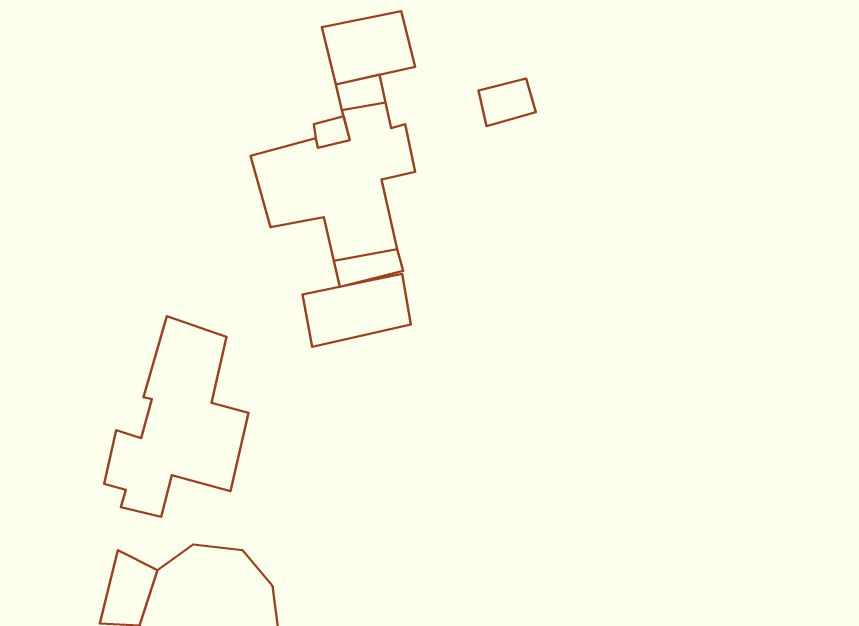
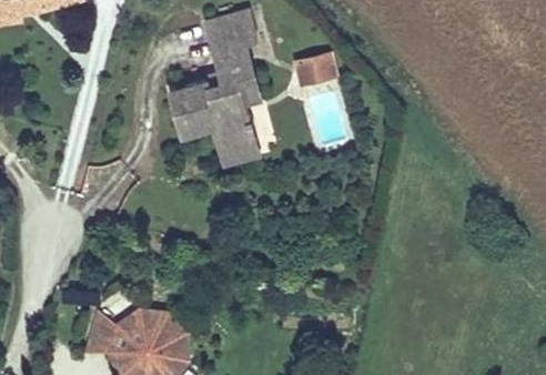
building: [303,274,411,347] -> none
building: [104,316,249,517] -> none

